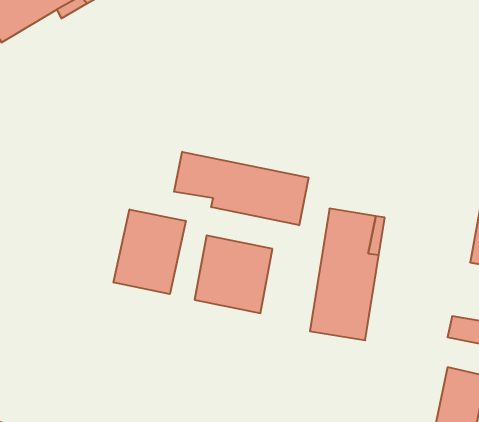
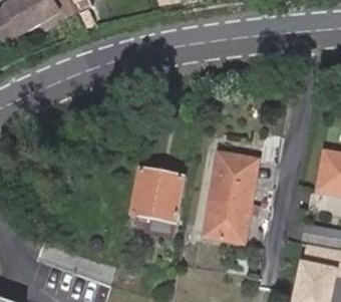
building: [174,152,309,225] -> none
building: [114,209,186,294] -> none

